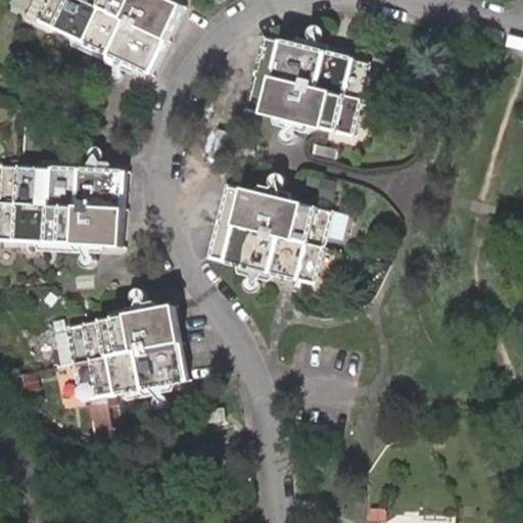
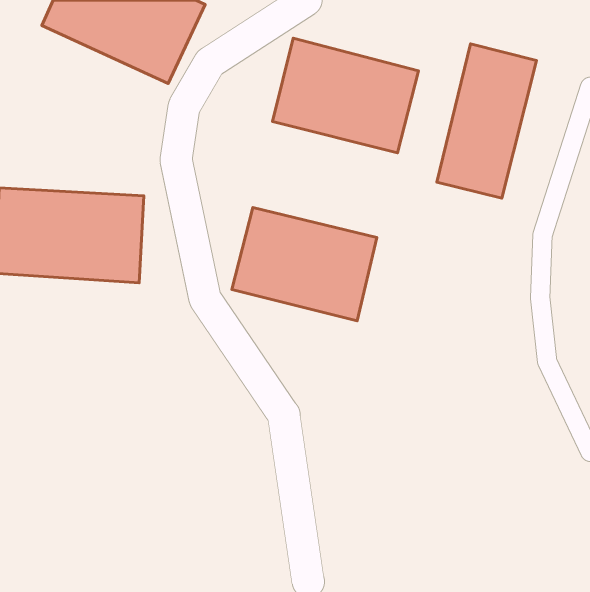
building: none -> [437,44,536,198]
building: [62,306,184,401] -> none

